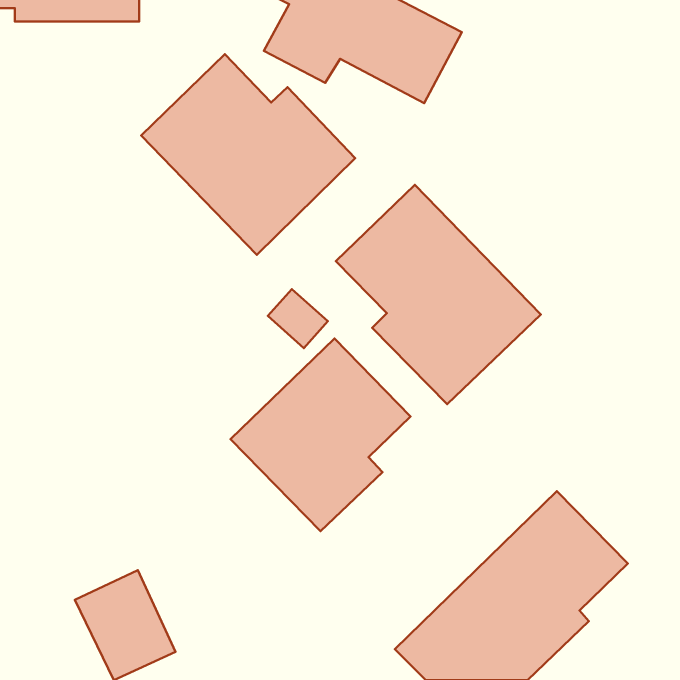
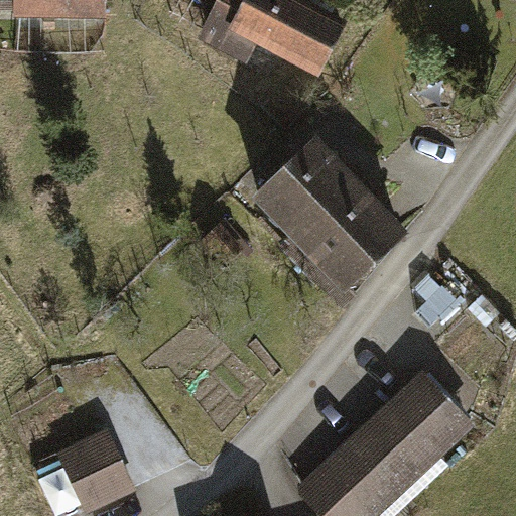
building: [141,54,355,255] -> none
building: [230,338,410,531] -> none

